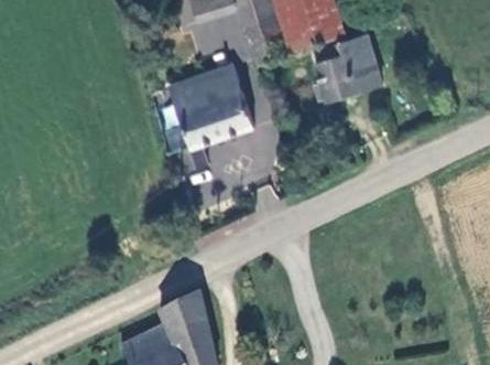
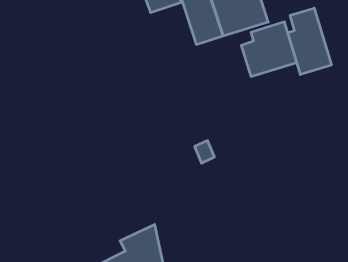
building: none -> [288,8,331,75]
building: [168,63,251,170] -> none

